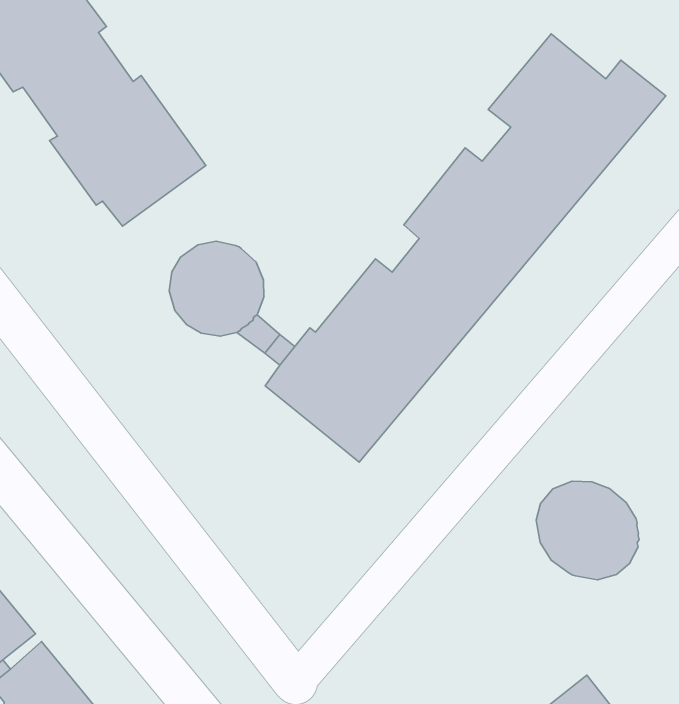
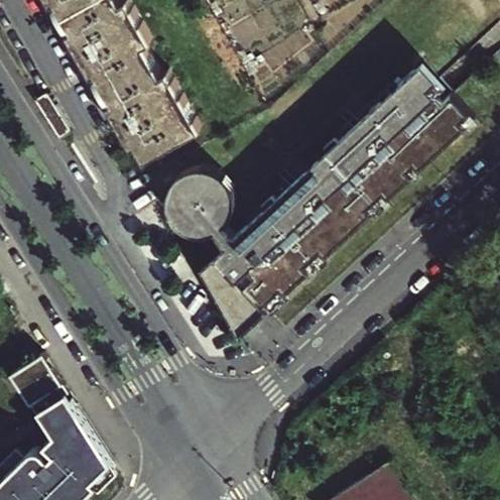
building: none -> [199,262,263,341]
building: [536,481,639,580] -> none

